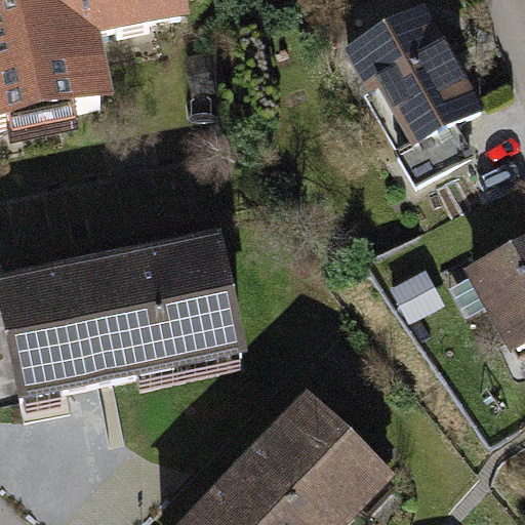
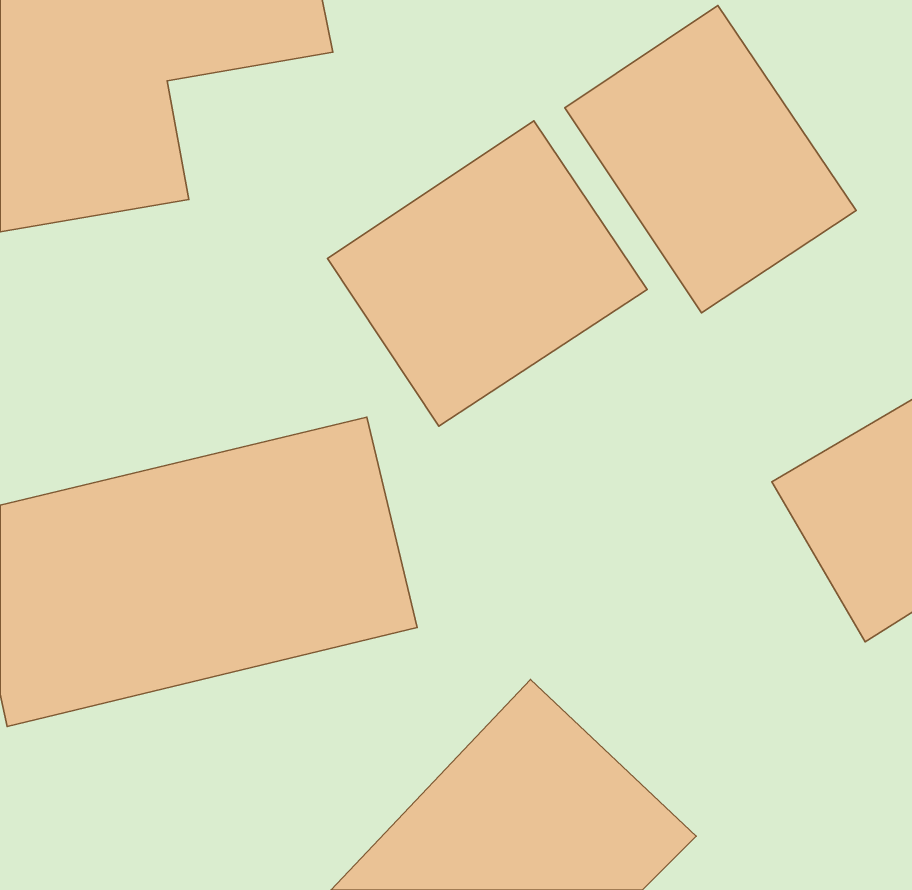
building: none -> [327,121,647,426]

